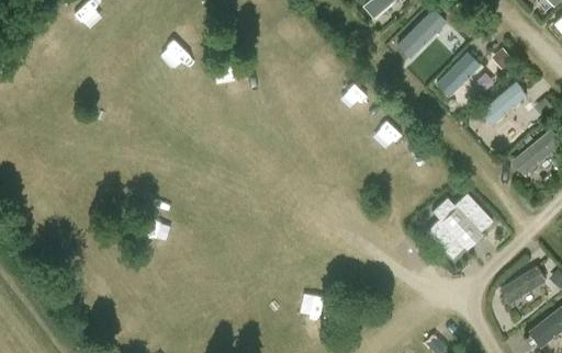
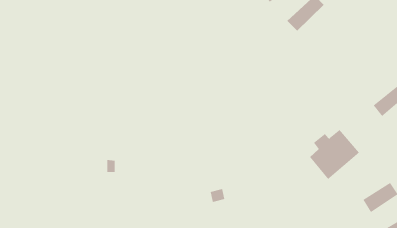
building: [434,52,482,96] -> none
building: [480,80,528,127] -> none

